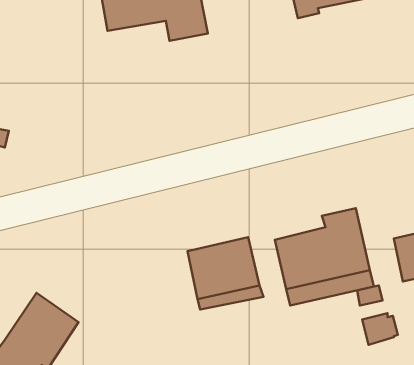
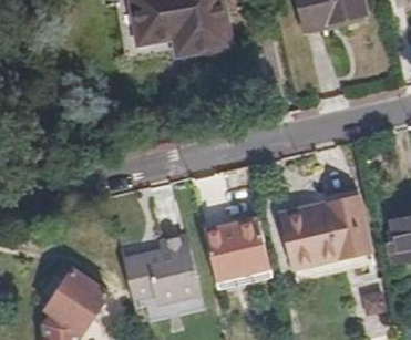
building: none -> [124,234,205,320]

